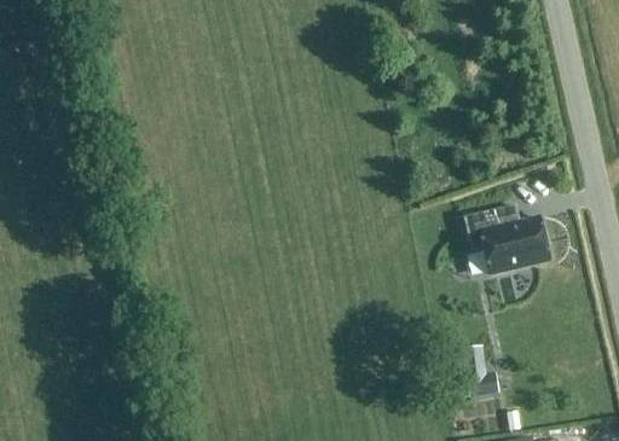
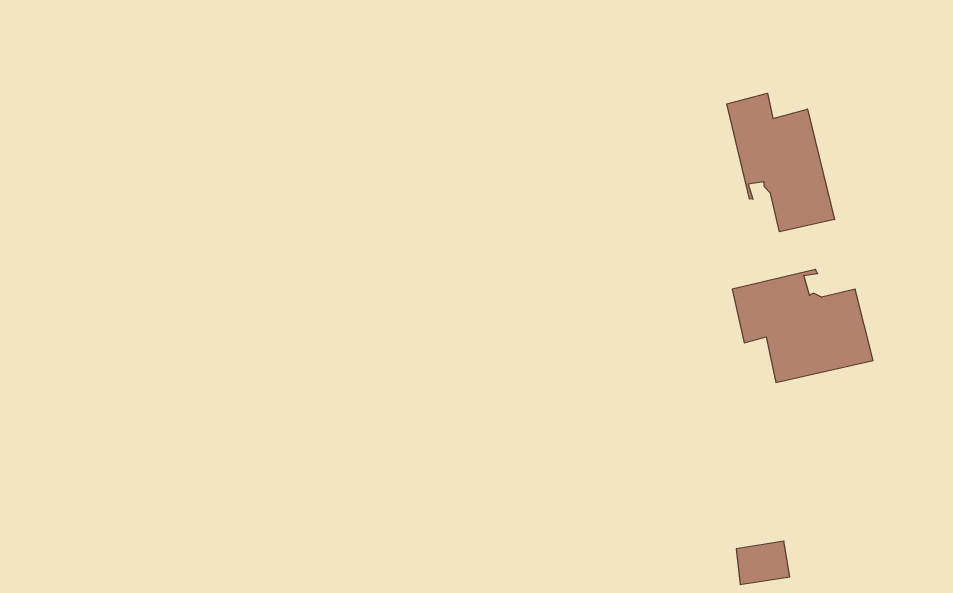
building: none -> [727,93,835,232]

